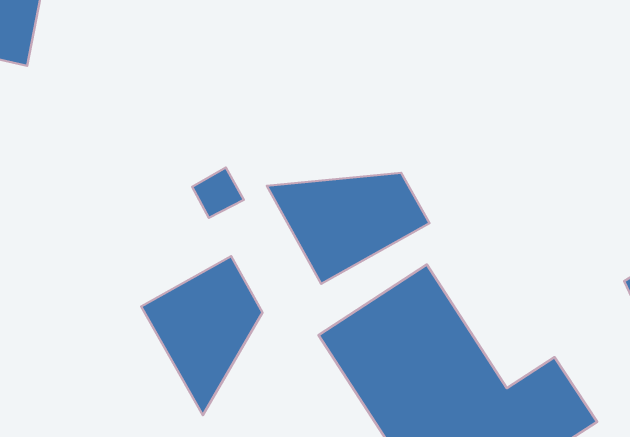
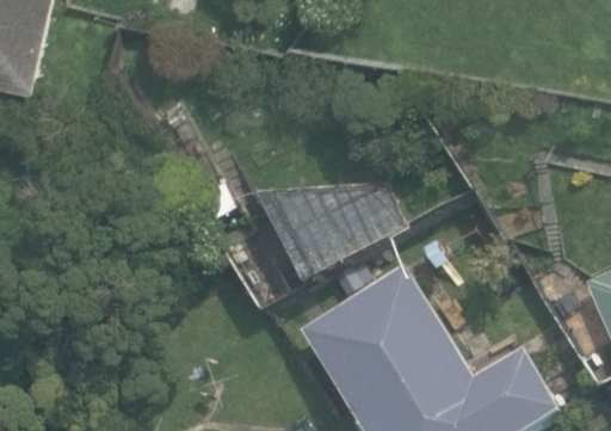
building: [141,256,262,415] -> none

